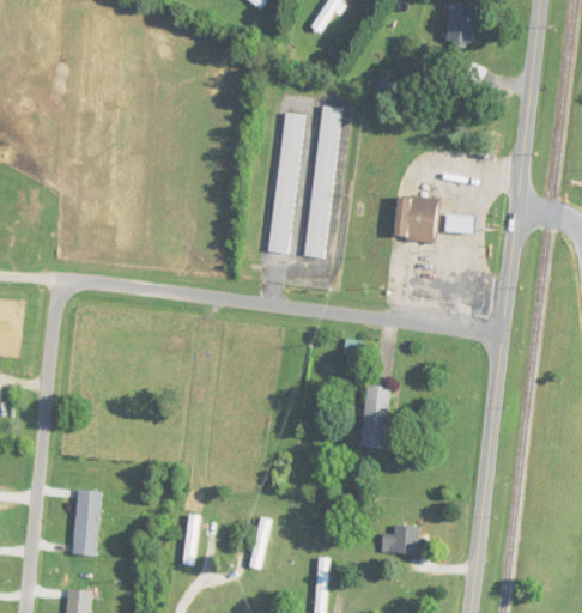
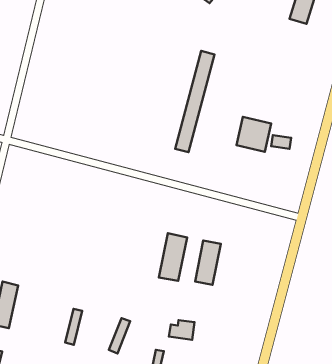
building: [269,113,304,254] -> none
building: none -> [159,233,187,281]
building: [383,527,418,553] -> [169,320,195,340]

